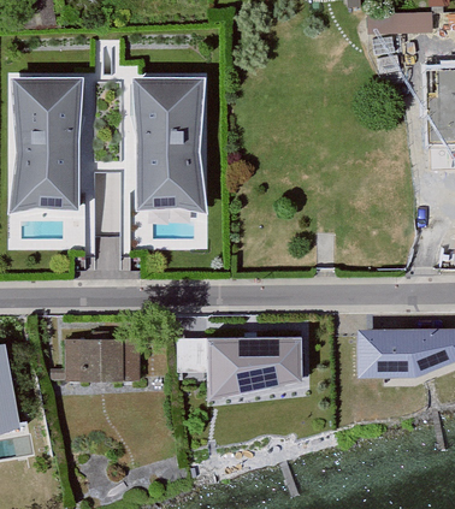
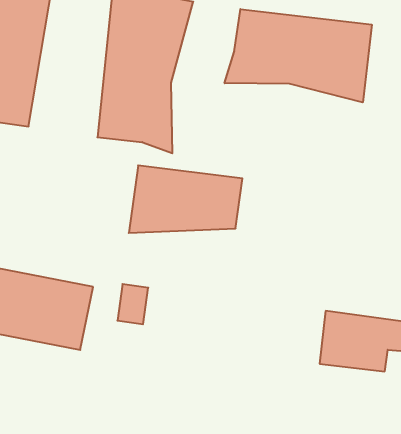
building: none -> [225,9,372,102]
building: [208,337,301,398] -> [129,165,242,233]

